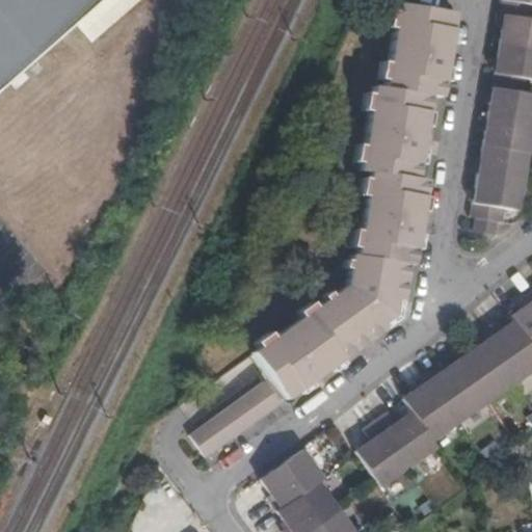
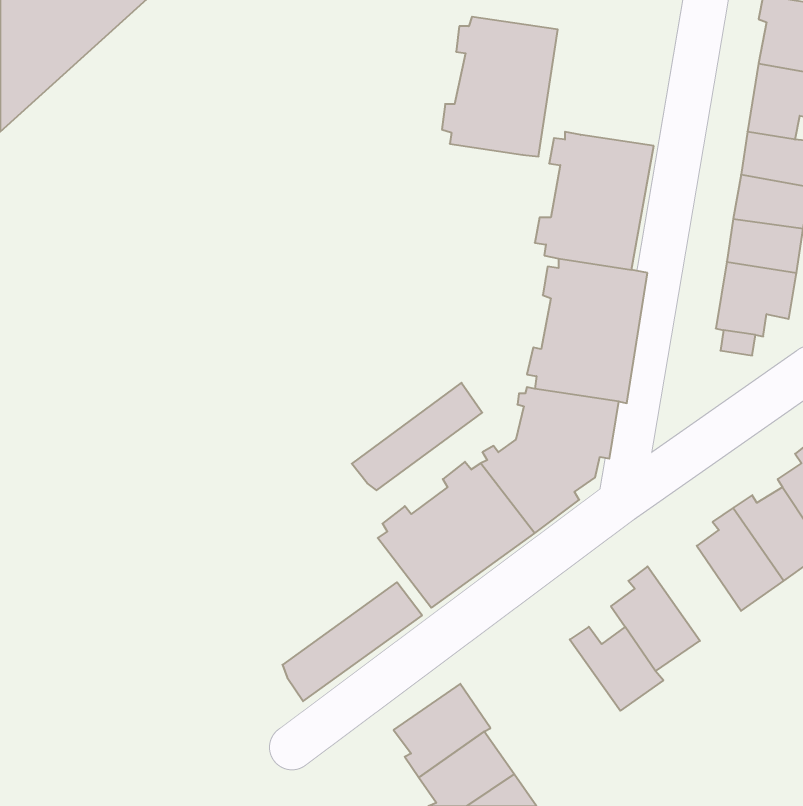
building: [380,5,456,97] -> [442,17,558,156]
building: none -> [352,383,482,490]
building: [429,357,490,420] -> none
building: [357,419,411,485] -> none

